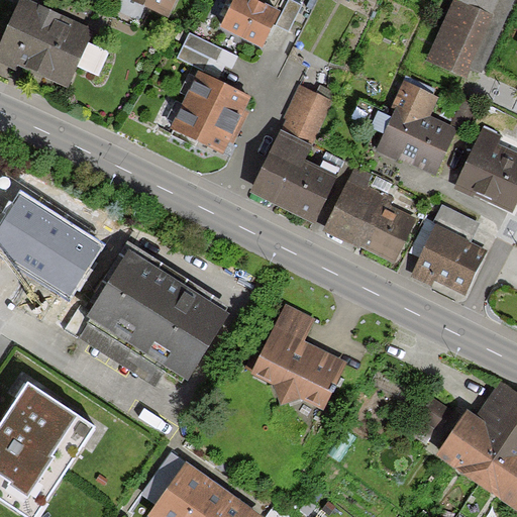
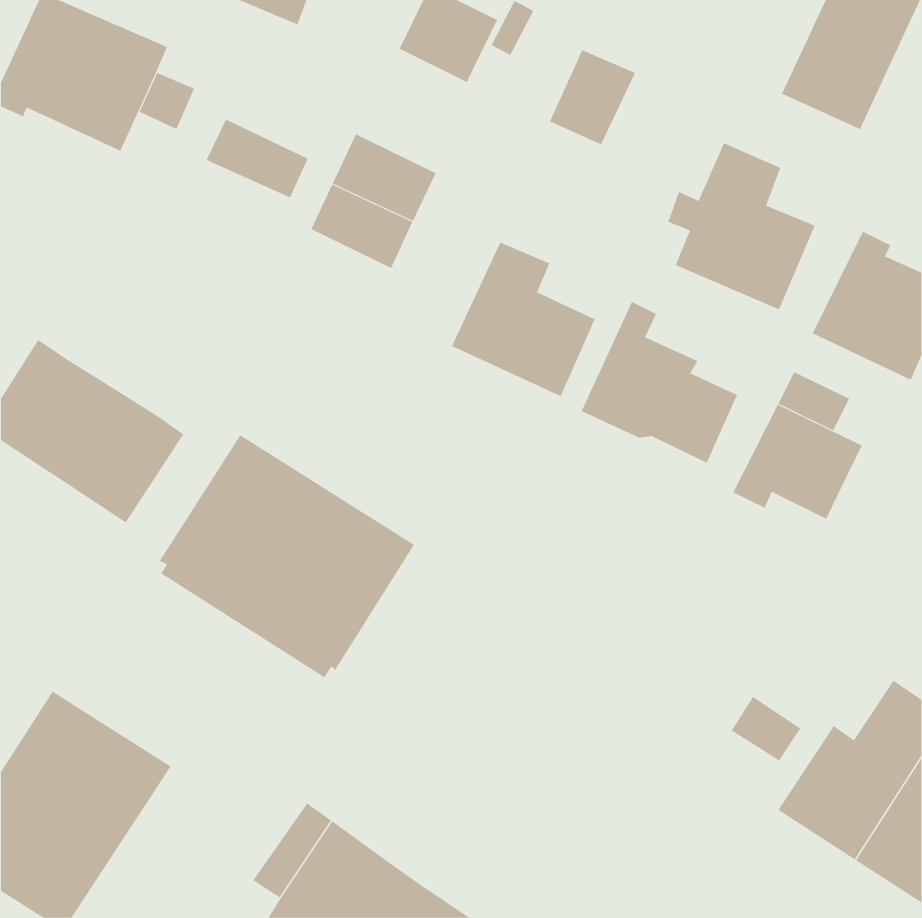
building: [178,30,235,75] -> [206,119,309,198]
building: [281,88,329,141] -> [549,50,636,145]
building: [243,304,343,401] -> none

